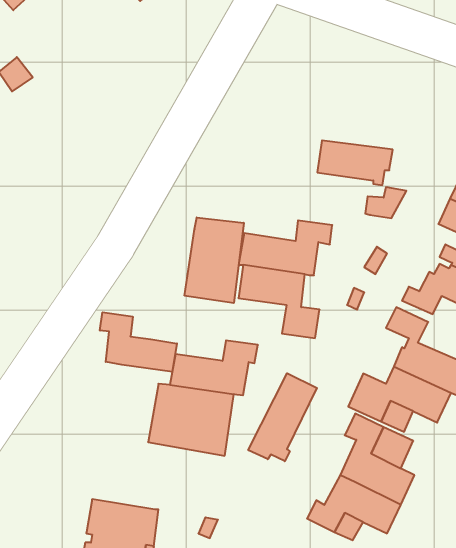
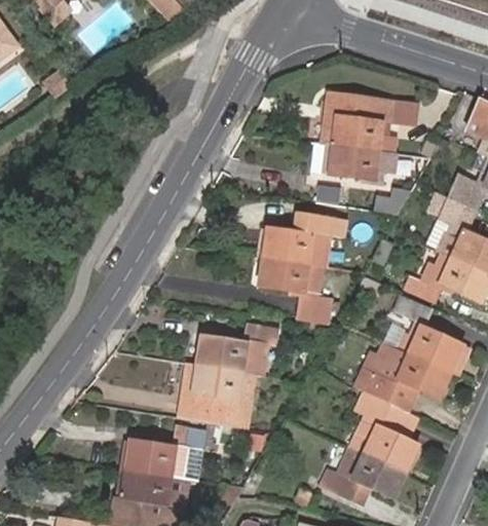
building: none -> [322,91,415,152]
building: [185,217,244,303] -> none
building: [100,312,177,372] -> none
building: [248,373,317,461] -> none
building: none -> [126,425,211,479]

